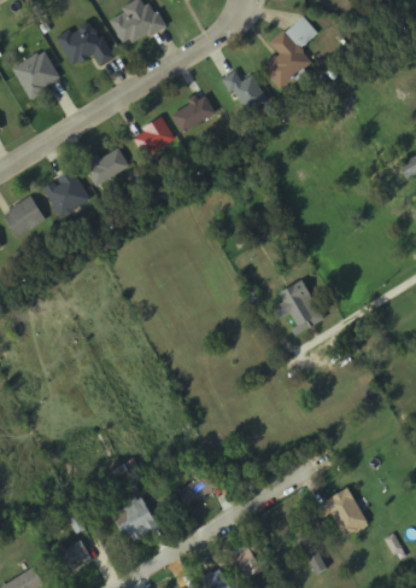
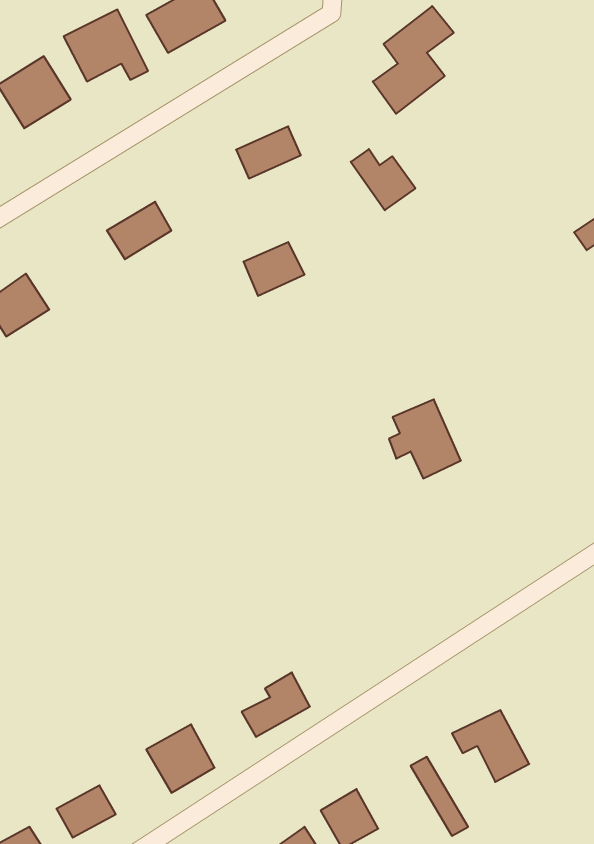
building: [223,71,266,112] -> [351,149,415,210]
building: [134,120,175,156] -> [243,242,305,296]
building: [43,170,90,217] -> none

